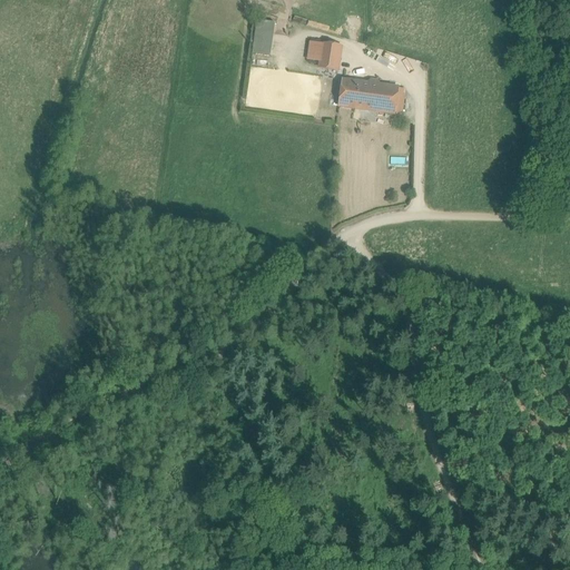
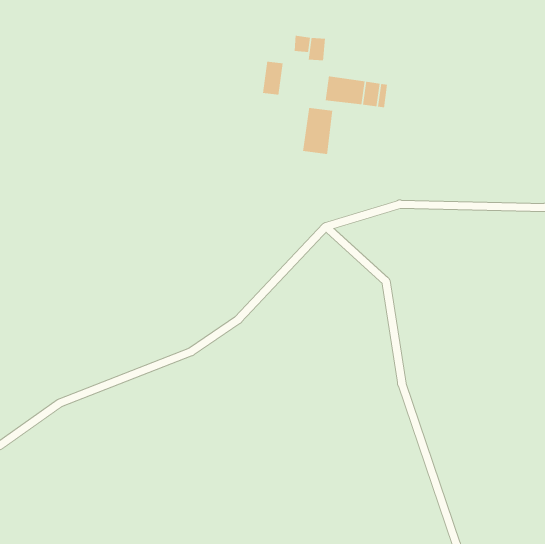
building: [252,19,274,55] -> [262,61,284,95]
building: none -> [303,107,333,155]

